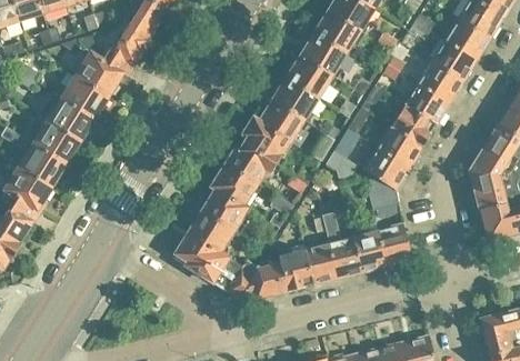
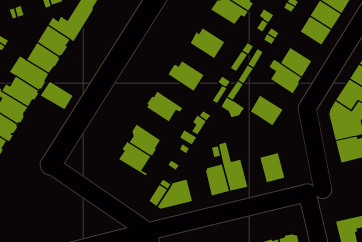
building: [301,32,346,77] -> none
building: [420,62,463,102] -> none
building: [273,78,318,121] -> none
building: [240,120,290,166] -> none
building: [379,127,424,168] -> none
building: none -> [40,81,74,110]
building: [212,164,257,209] -> none
building: [369,177,400,218] -> none
building: [354,232,388,272] -> none
building: [172,234,226,282] -> none
building: [277,242,313,291] -> none

